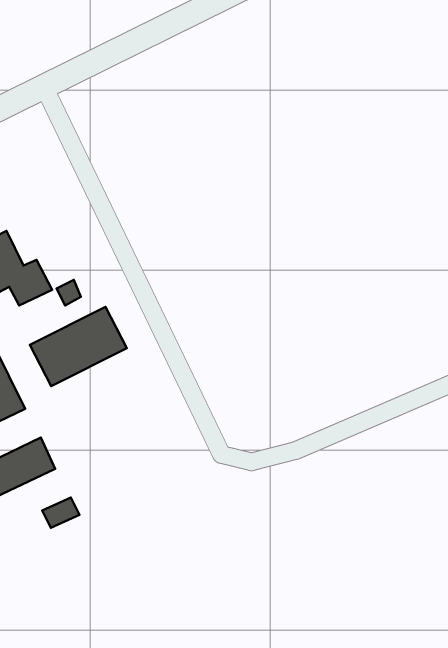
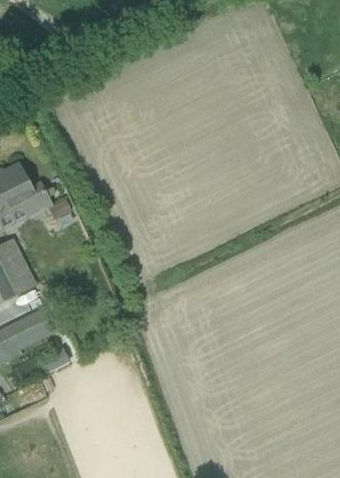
building: [30,307,127,386] -> none

